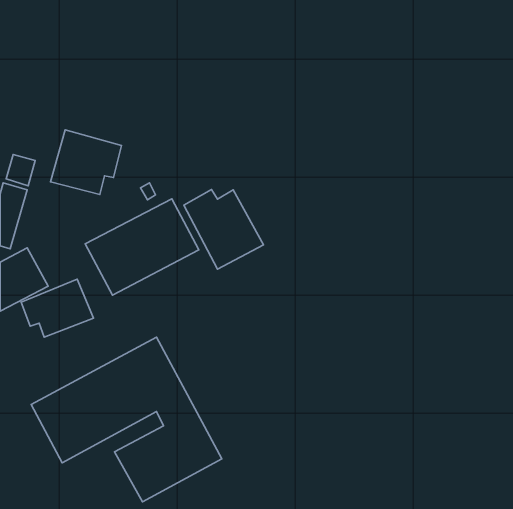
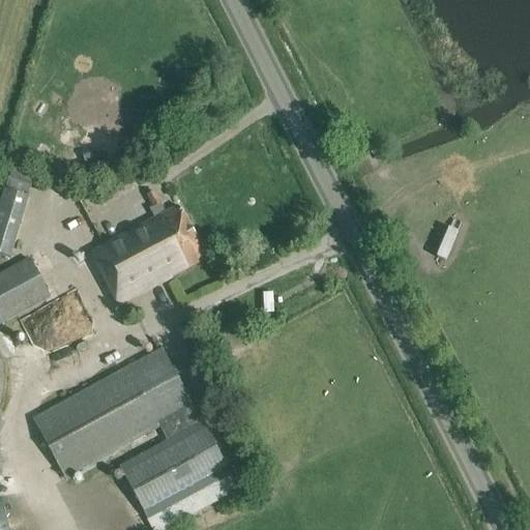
building: [50,130,122,194] -> none
building: [184,190,263,269] -> none

